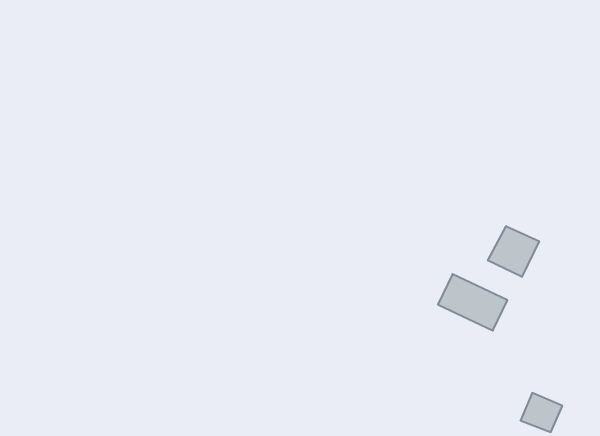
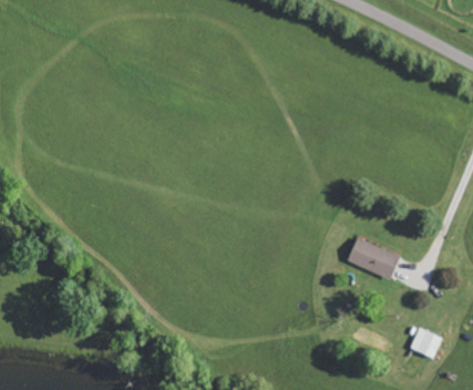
building: [488,226,539,277] -> none

